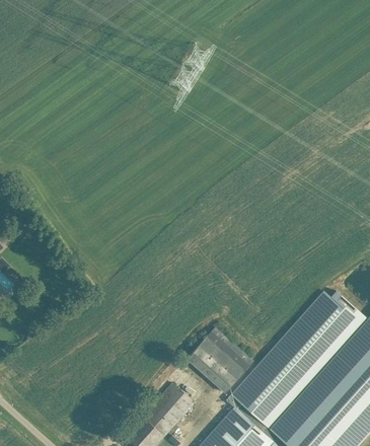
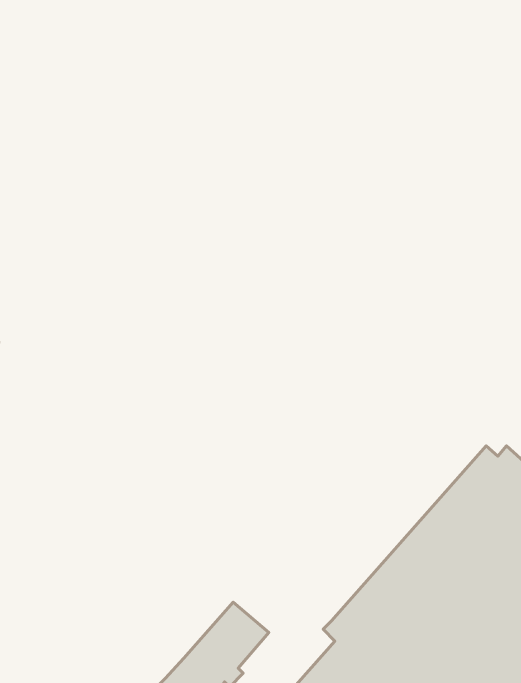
building: [187,327,252,393] -> none

